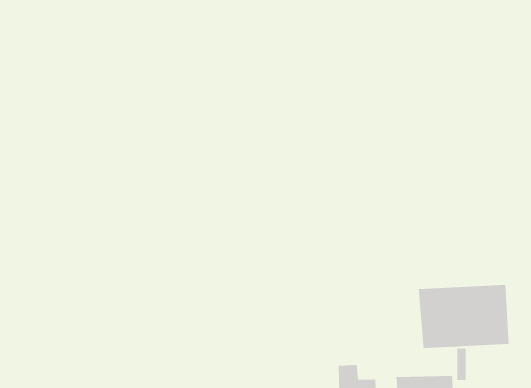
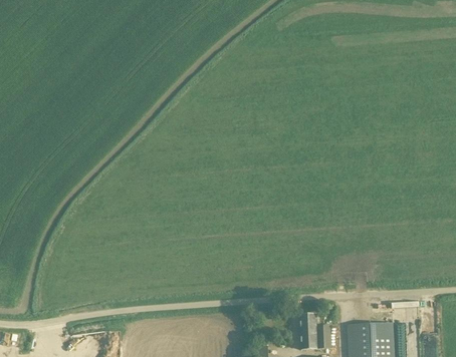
building: [418,284,509,349] -> none

